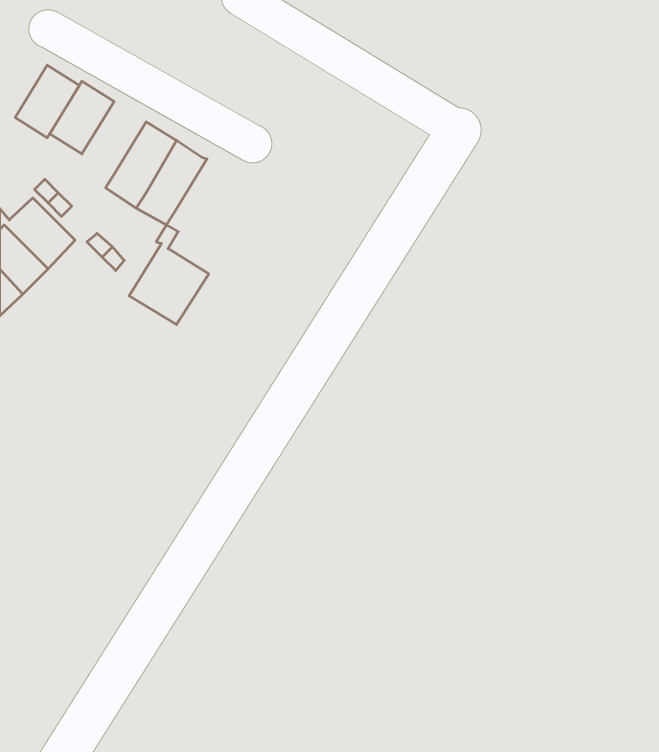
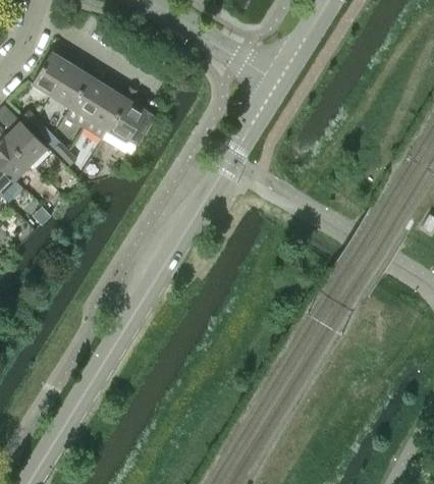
building: [15,65,79,138] -> [51,63,90,107]
building: [129,225,209,325] -> [107,87,155,147]

